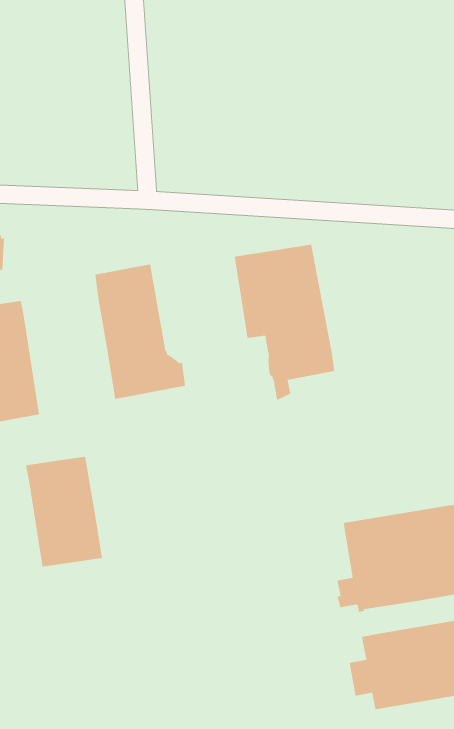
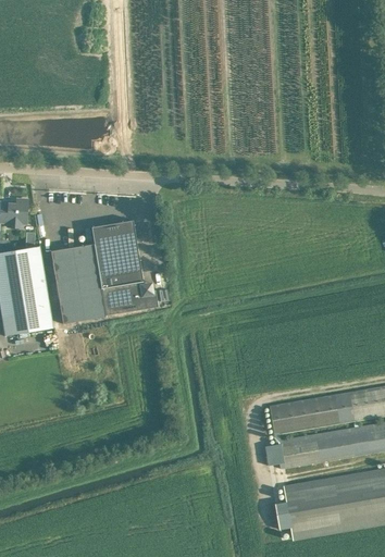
building: [234,244,335,401] -> none
building: [25,456,103,567] -> [50,244,105,323]

